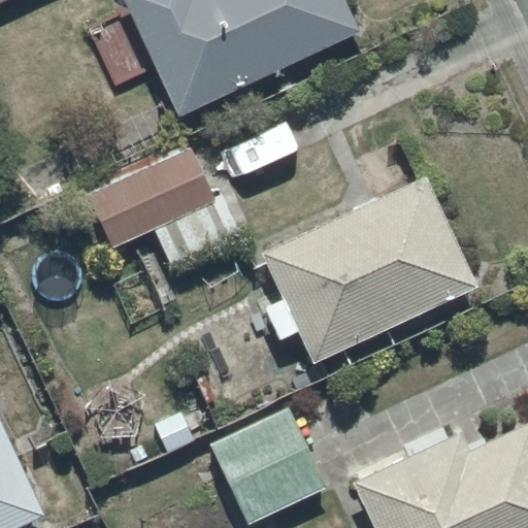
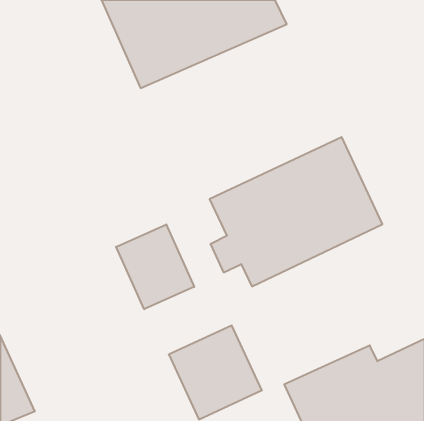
building: [91,148,239,264] -> none
building: none -> [116,224,194,309]

